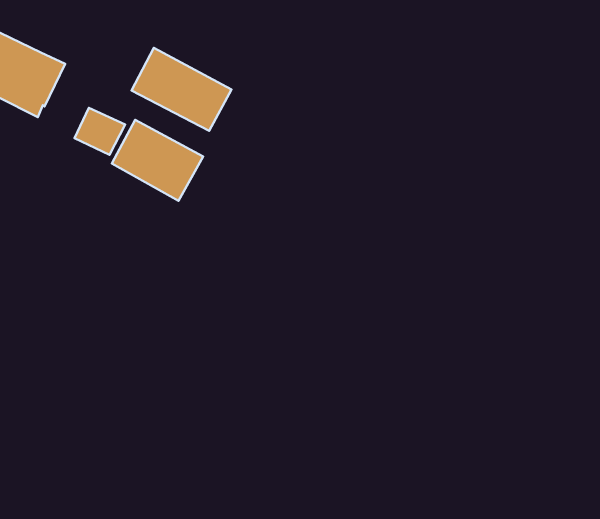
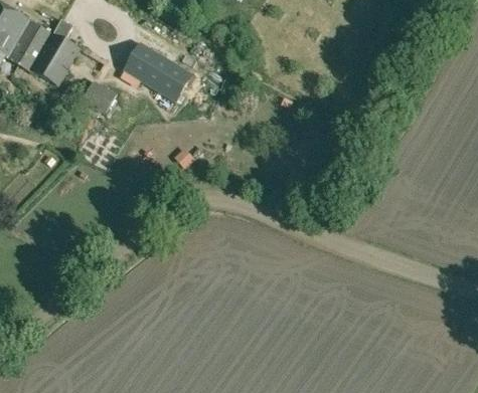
building: [112,120,203,201] -> none

